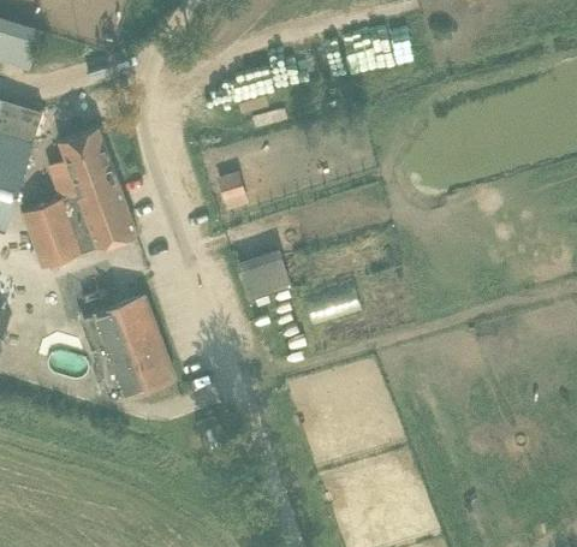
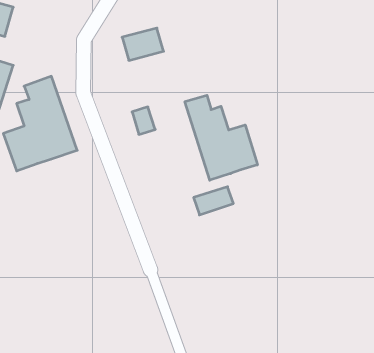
building: none -> [185,95,257,180]
building: [237,250,290,299] -> none
building: [94,297,174,397] -> none

